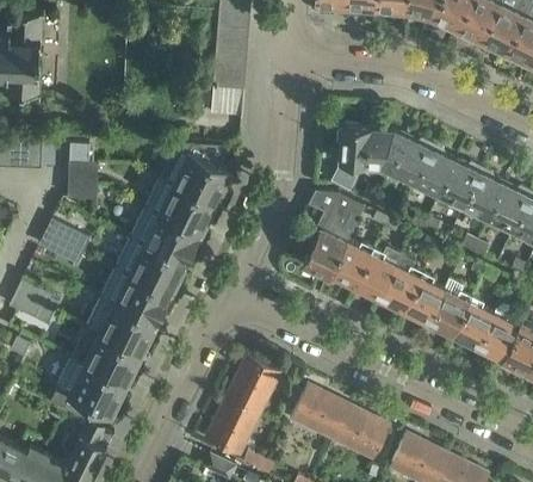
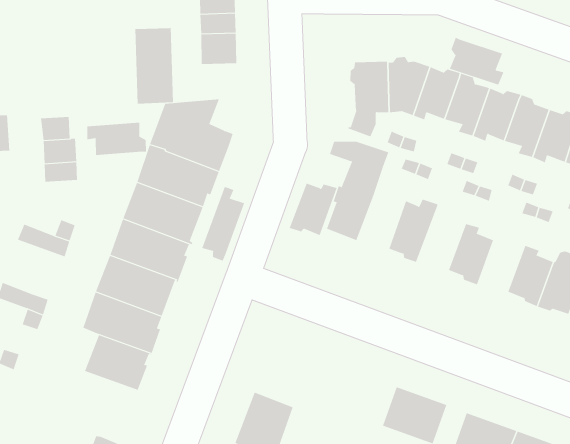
building: none -> [135,27,173,105]
building: none -> [449,37,504,86]
building: none -> [87,122,147,156]
building: none -> [201,186,245,262]
building: [328,241,373,288] -> [289,183,338,236]
building: [377,255,422,311] -> none
building: [427,280,471,335] -> none
building: [227,356,279,414] -> none
building: [51,357,128,421] -> none
building: [291,385,348,438] -> none

